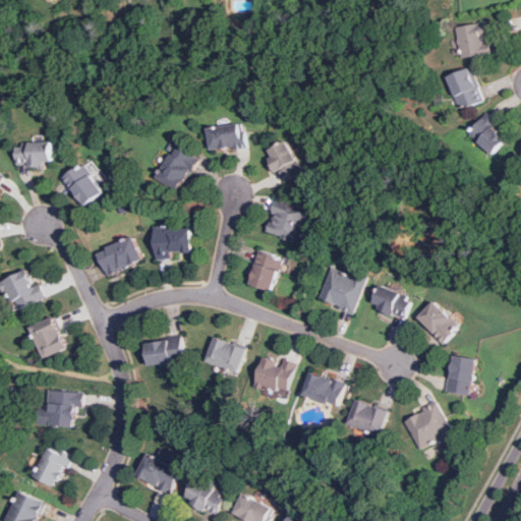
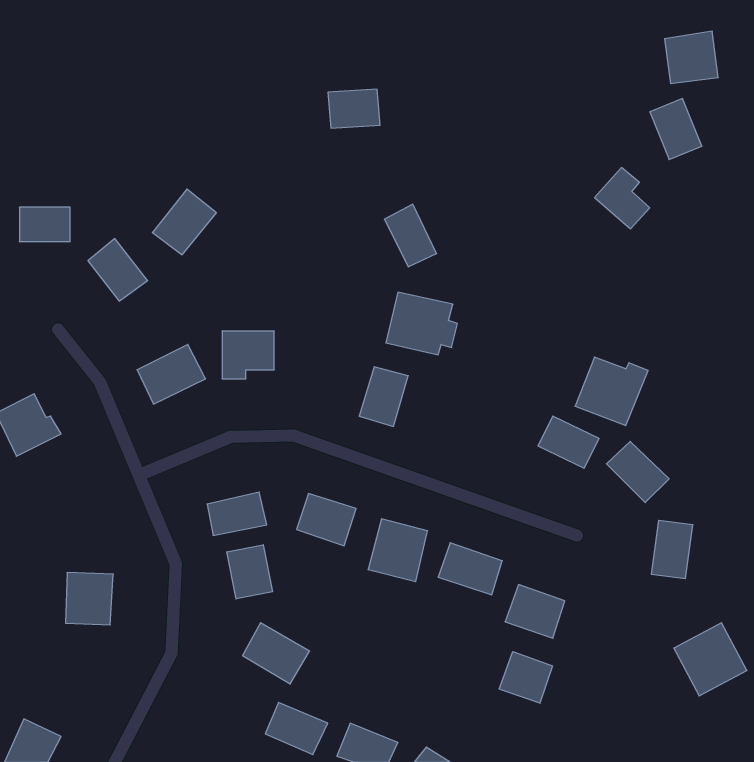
building: [465,112,503,154] -> [595,168,650,229]
building: [205,123,240,150] -> [328,89,380,128]
building: [153,144,196,189] -> [152,189,216,255]
building: [315,267,365,313] -> [575,357,648,426]
building: [26,316,64,358] -> none
building: none -> [227,545,272,599]
building: [401,402,451,452] -> [674,623,747,696]
building: none -> [499,652,552,703]
building: [32,445,67,486] -> none
building: [133,452,179,494] -> [243,623,310,684]

